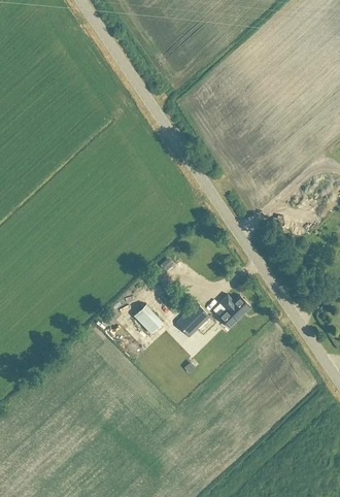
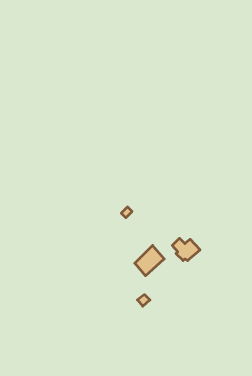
building: [134,305,163,334] -> none

